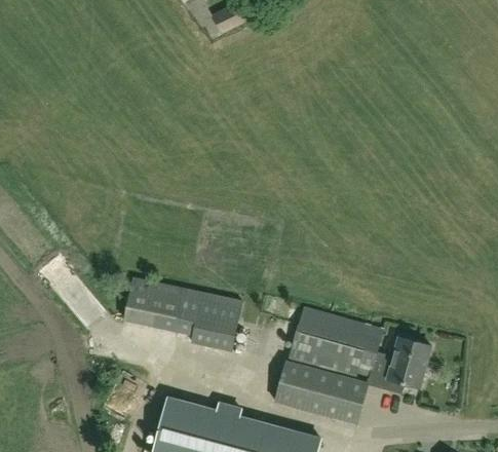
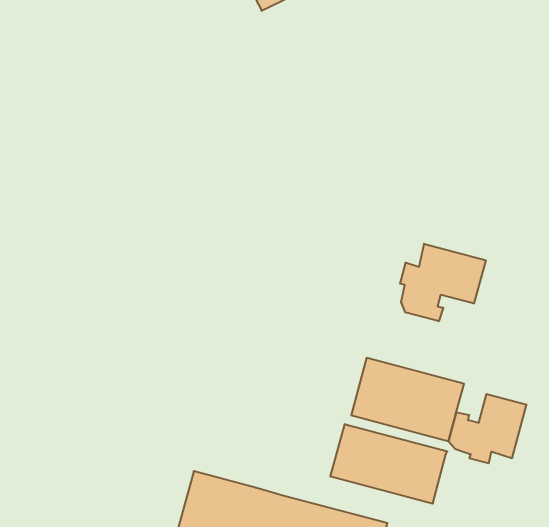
building: none -> [400,244,486,321]
building: [122,276,244,351] -> none

